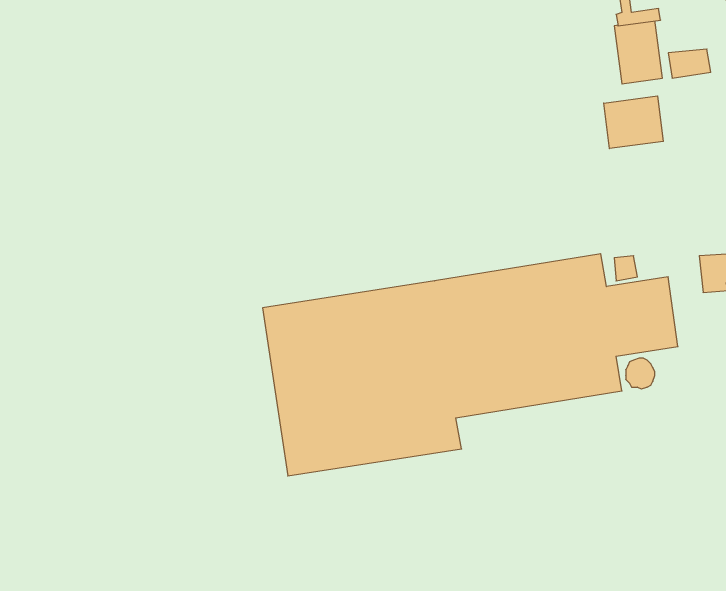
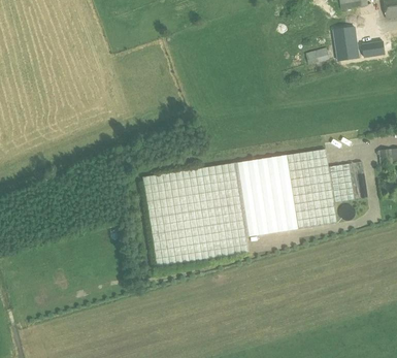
building: [604,96,663,149] -> none

